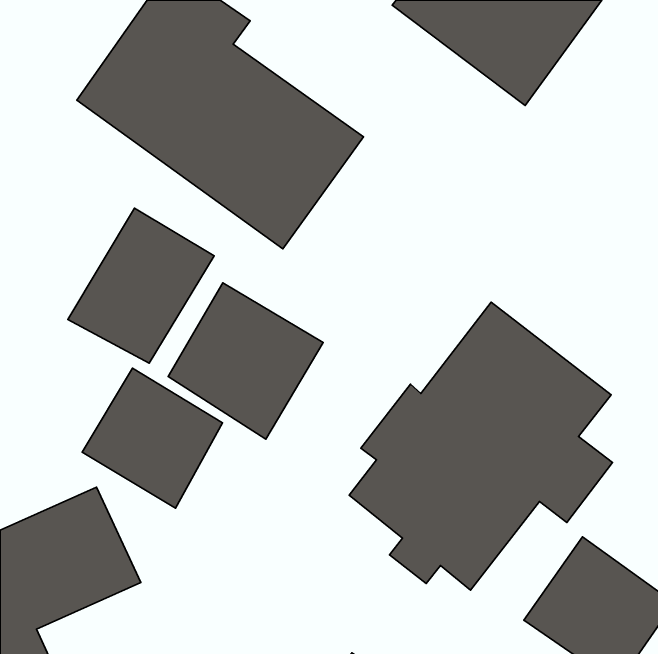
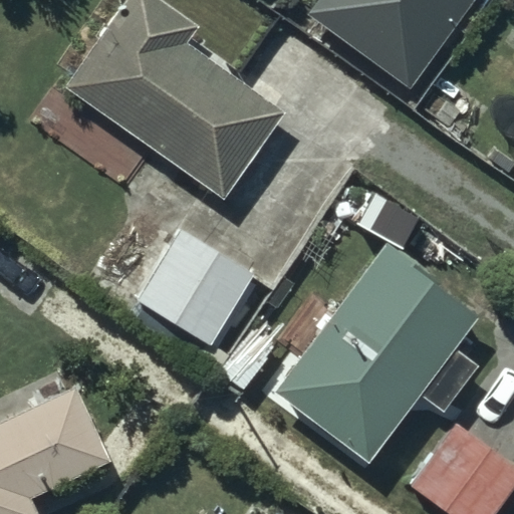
building: [68,208,214,363] -> none
building: [82,368,223,508] -> none

